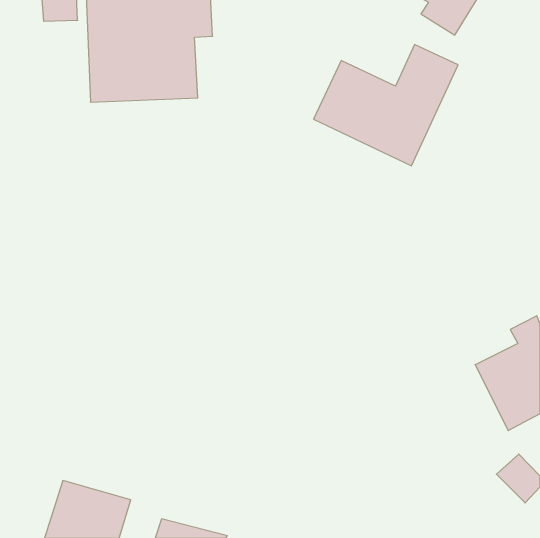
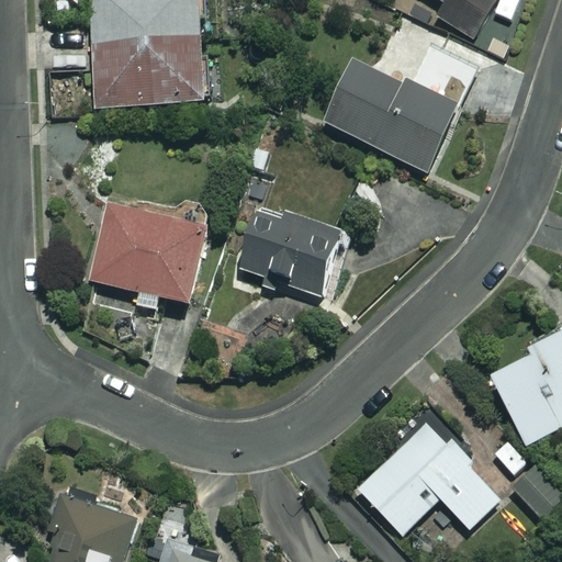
building: none -> [89,204,207,310]
building: none -> [238,214,338,295]
building: none -> [357,419,502,533]

